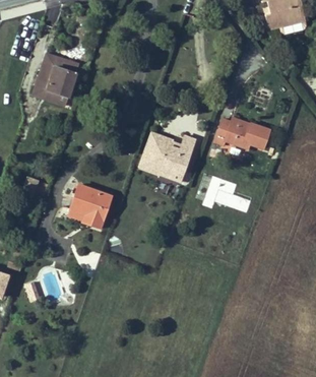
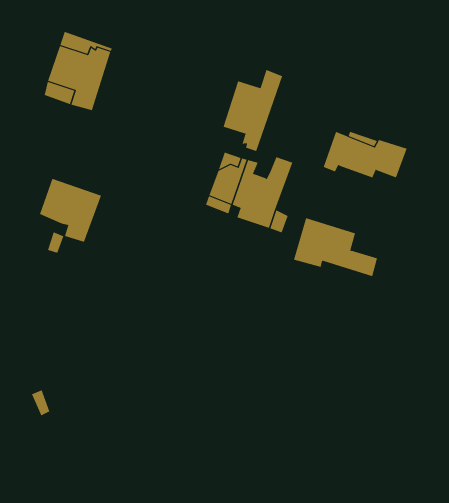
building: none -> [223,69,283,152]
building: [71,185,112,227] -> [39,178,102,242]

